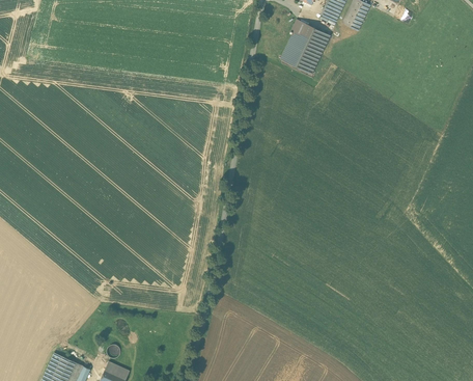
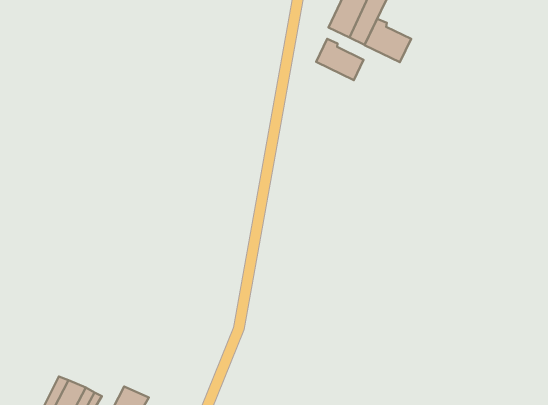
building: none -> [365,19,411,62]
building: none -> [316,39,364,80]

